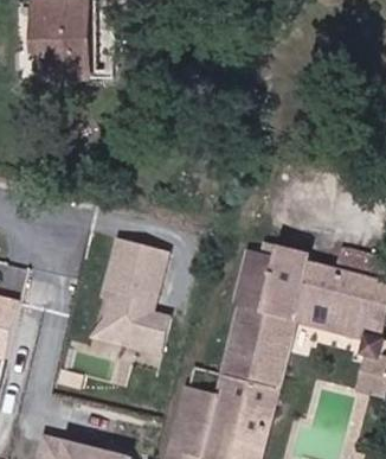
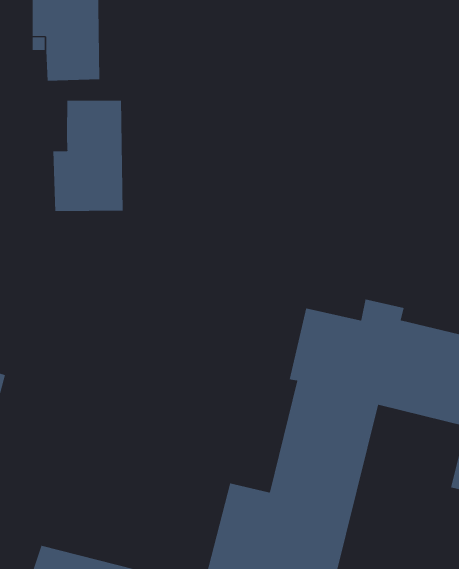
building: none -> [53,100,123,212]
building: [88,237,167,351] -> none

